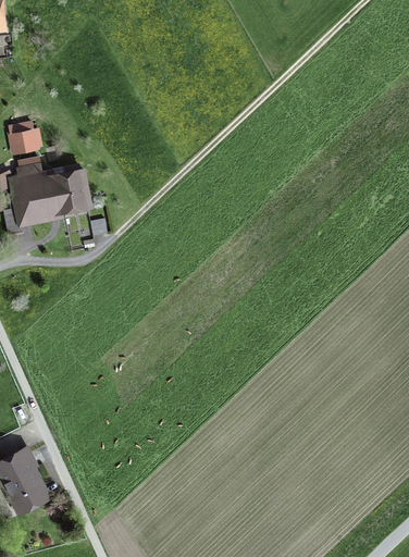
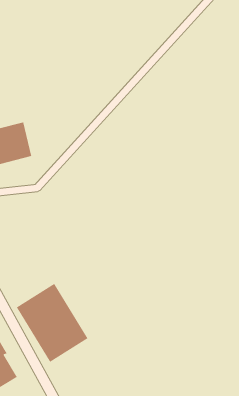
building: none -> [16,283,88,363]

